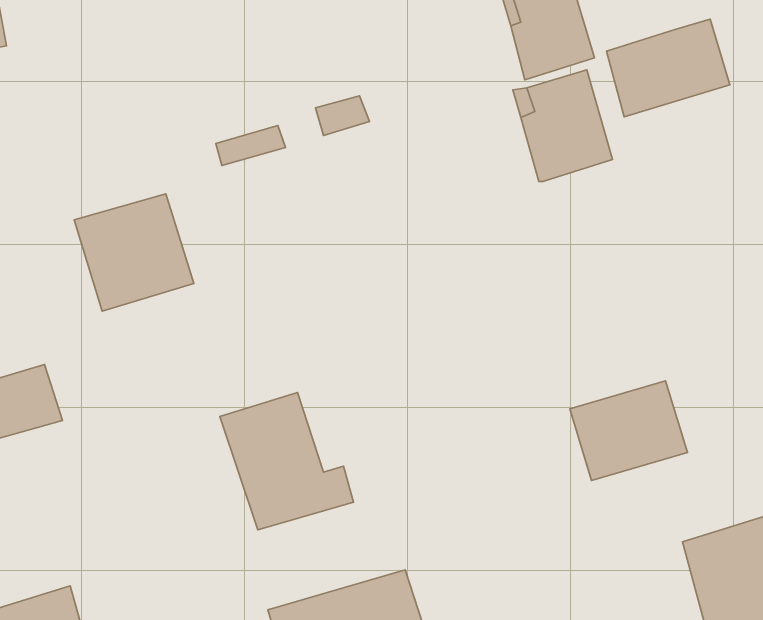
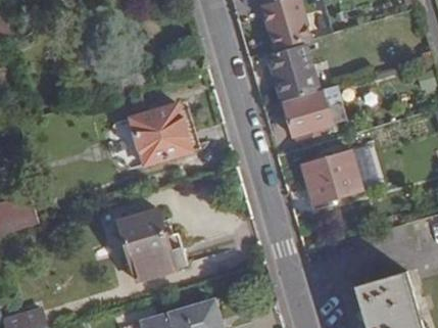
building: [606,19,730,117] -> [283,85,346,135]
building: [74,194,194,311] -> [130,104,191,165]
building: [570,381,687,480] -> [301,151,361,202]

